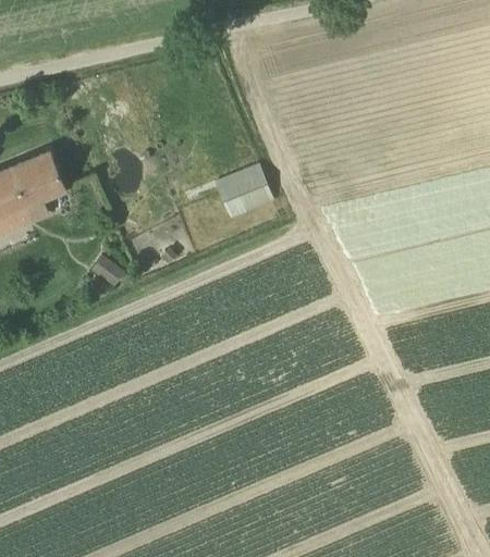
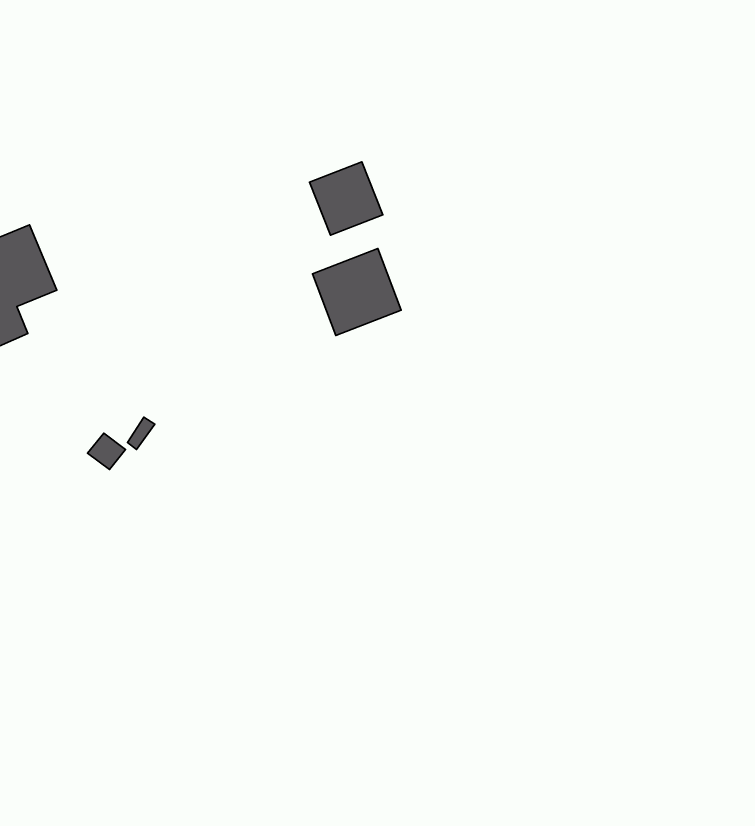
building: none -> [309,162,383,235]

